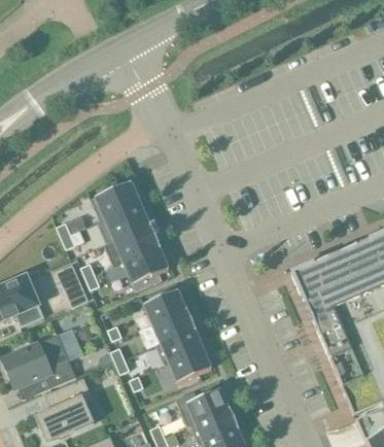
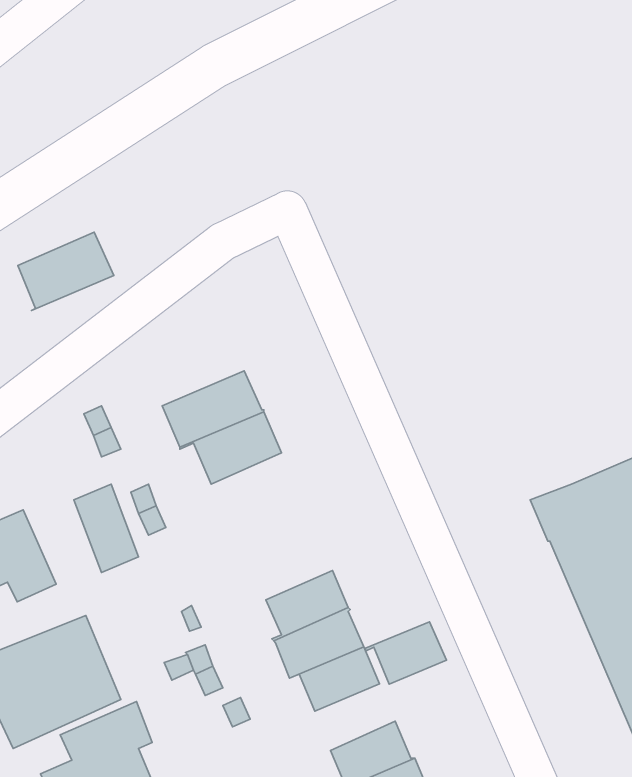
building: [91,181,141,222] -> [18,232,114,311]
building: [124,247,169,285] -> none
building: [144,289,187,324] -> none
building: none -> [365,622,446,684]

